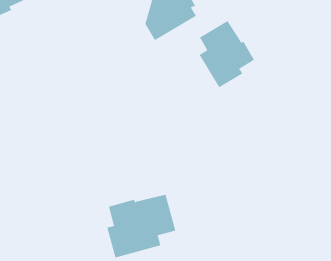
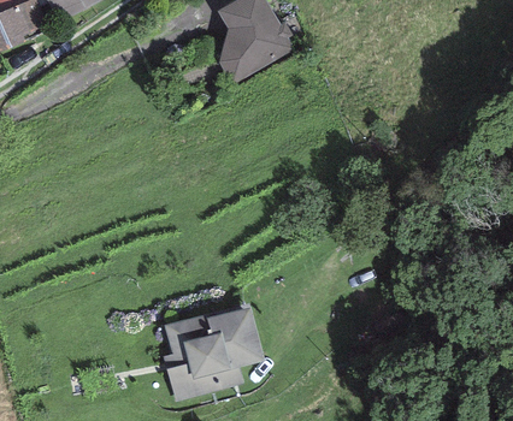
building: [199,20,255,88] -> none

